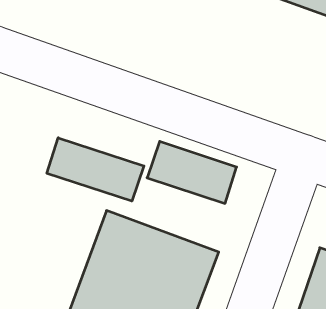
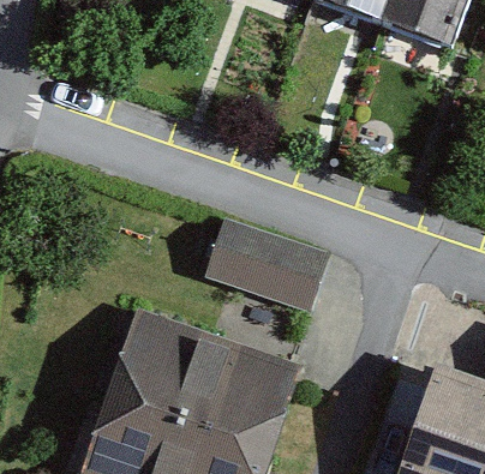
building: [47,138,144,201] -> none

